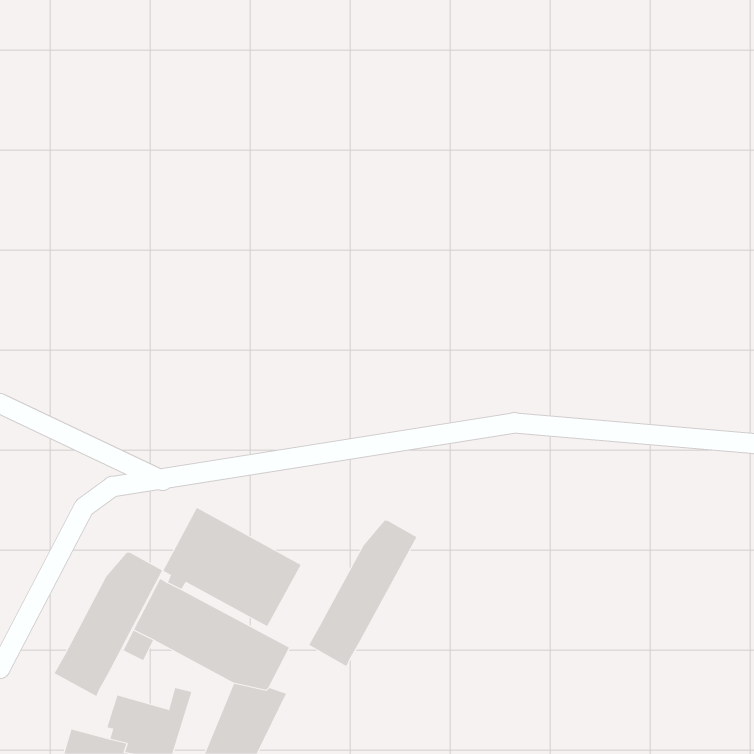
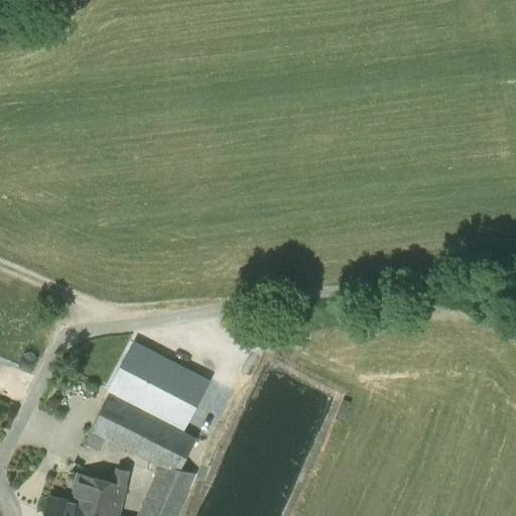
building: [308,520,417,667] -> none
building: [54,552,163,697] -> none

